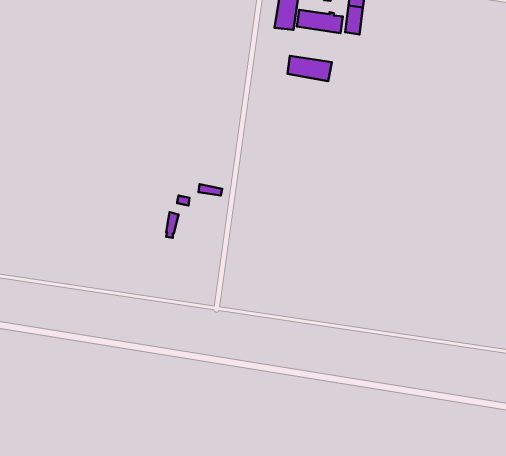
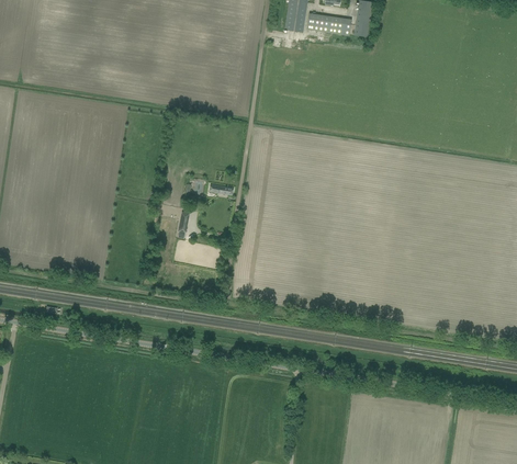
building: [288,56,332,81] -> none

